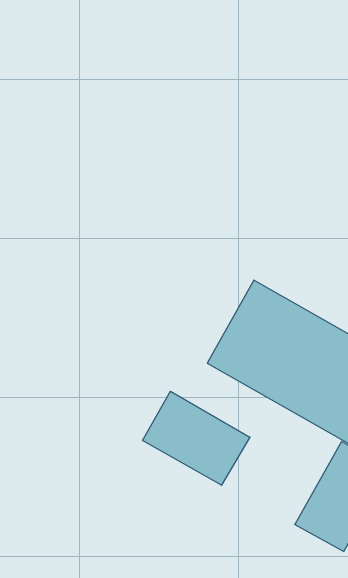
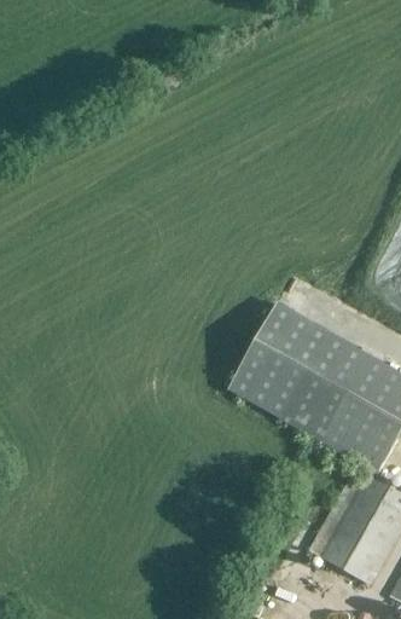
building: [143,391,250,485] -> none

